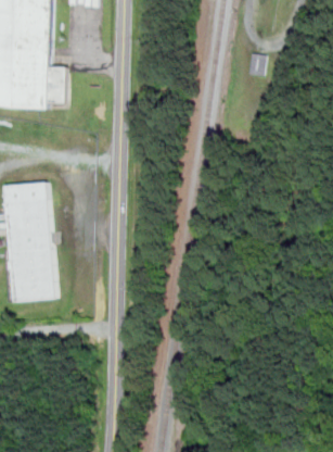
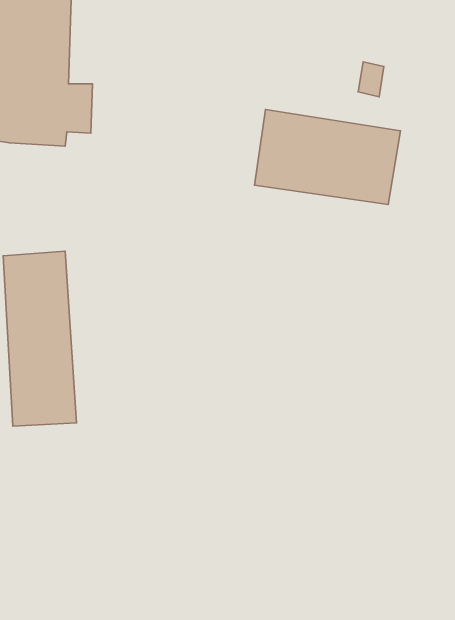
building: none -> [254,110,401,204]

